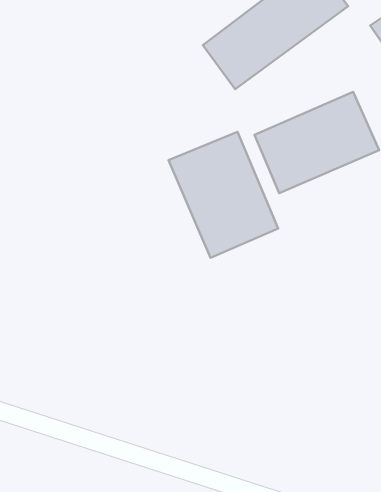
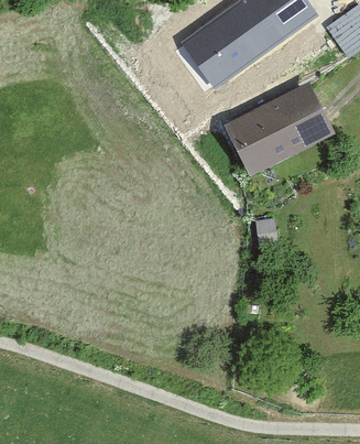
building: [169,132,278,258] -> none

